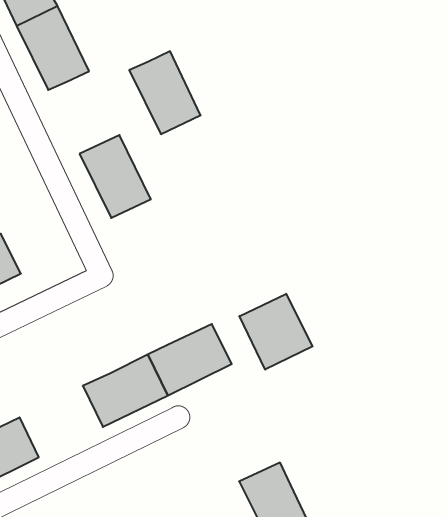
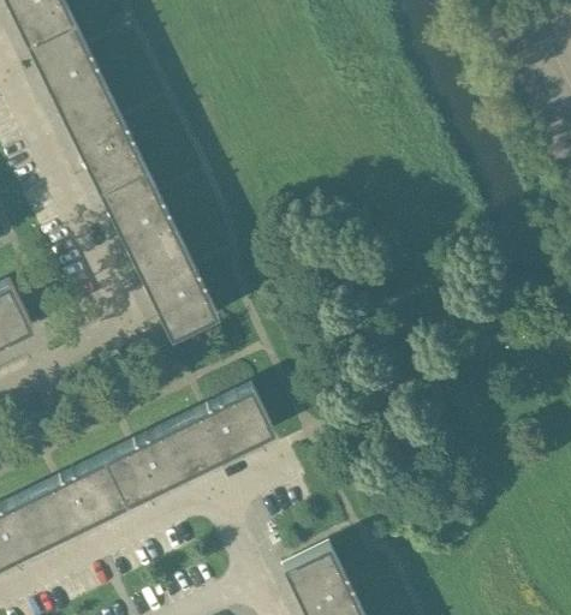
building: [129,51,201,134] -> [65,98,147,193]
building: none -> [137,245,219,340]
building: [239,294,313,370] -> none
building: none -> [32,459,127,541]

